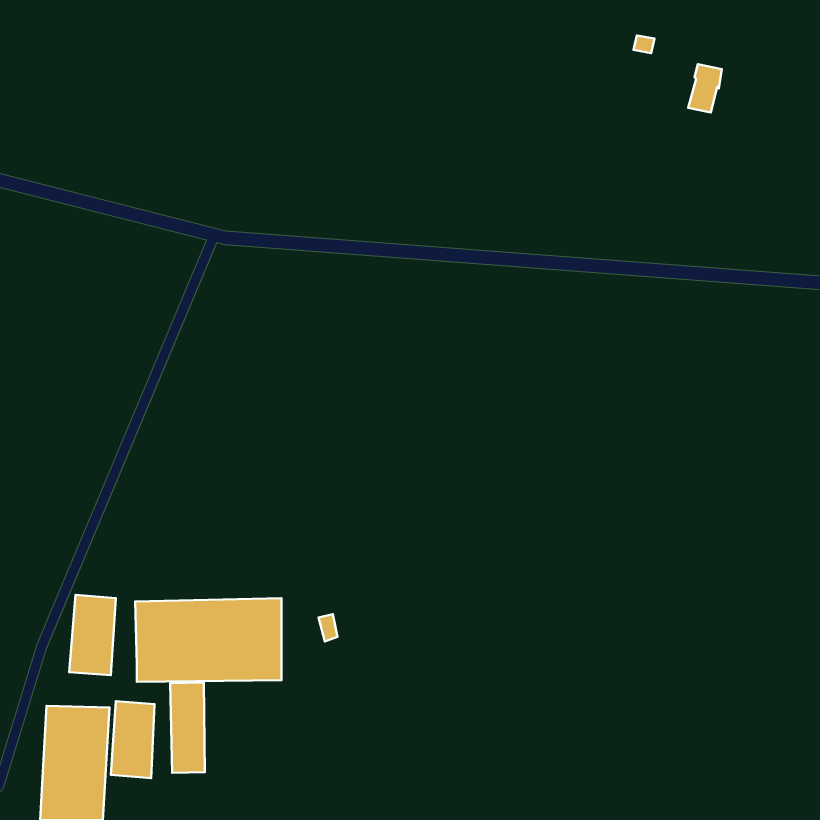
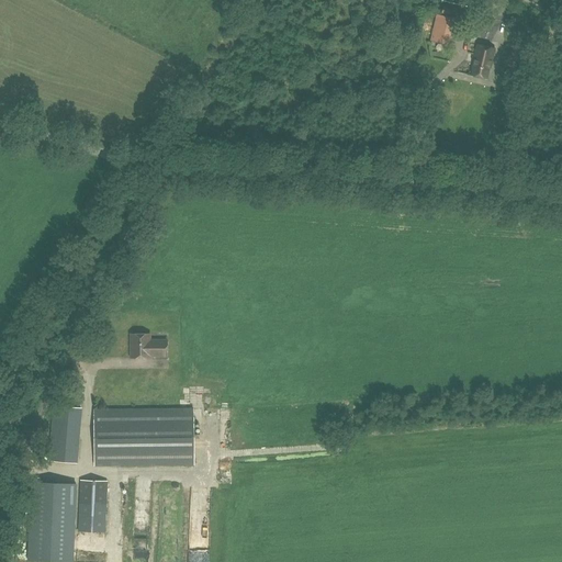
building: none -> [128,334,165,357]
building: [170,683,205,773] -> none

